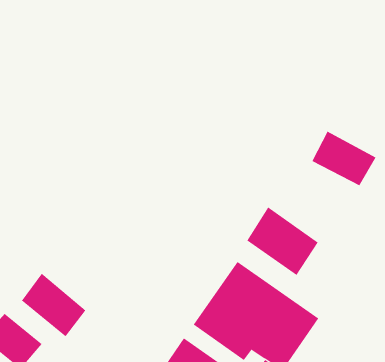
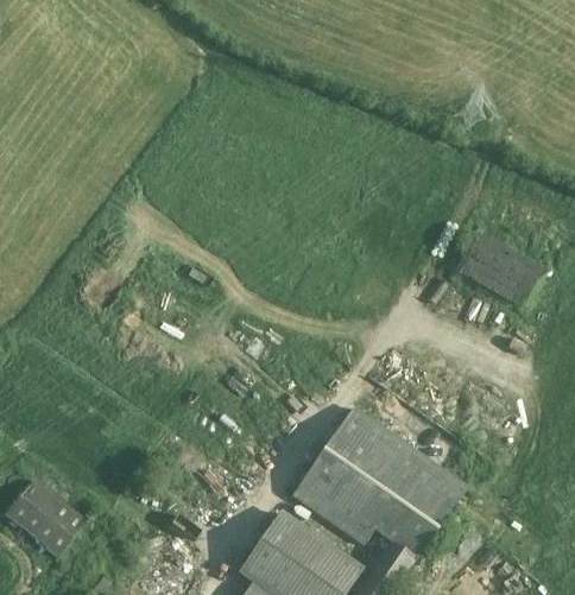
building: [246,206,319,276] -> none
building: [21,273,86,337] -> none

